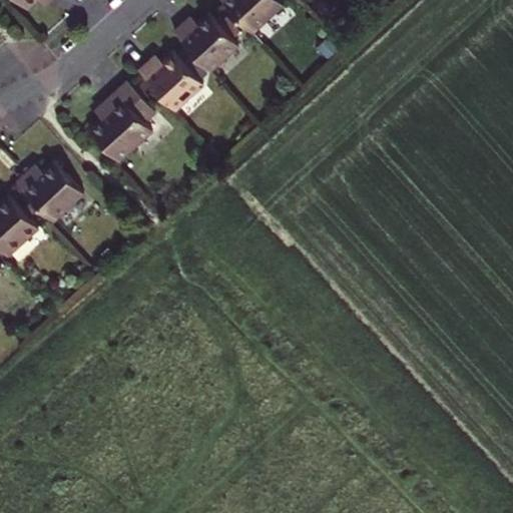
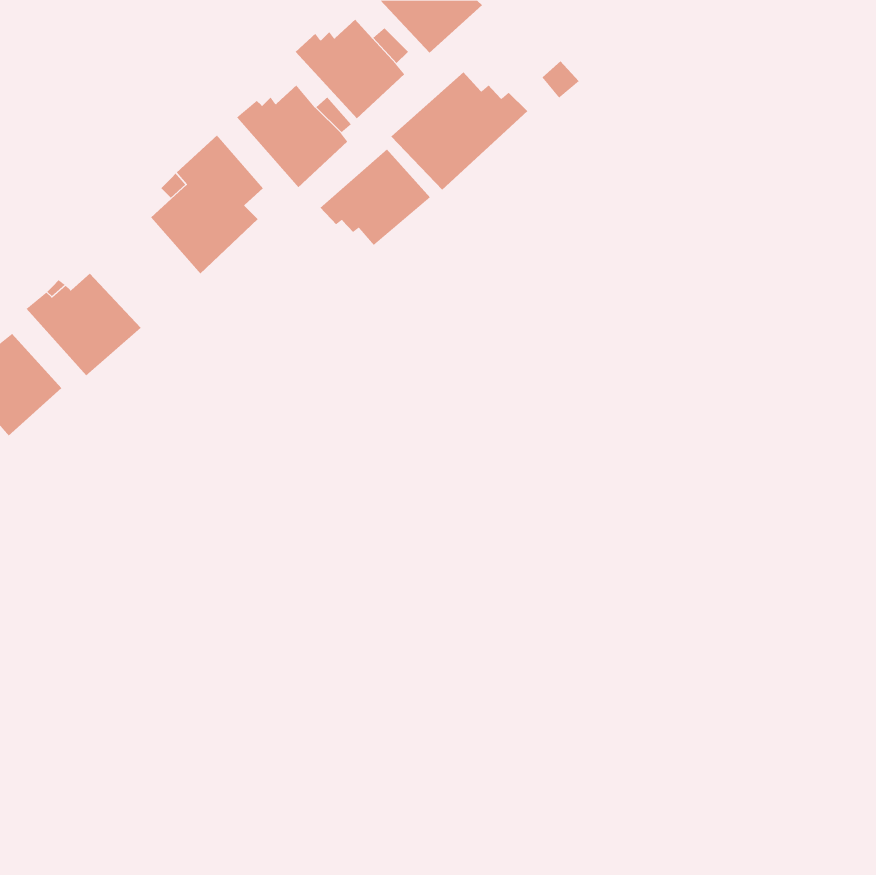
building: none -> [391,71,528,191]
building: none -> [320,149,431,246]

